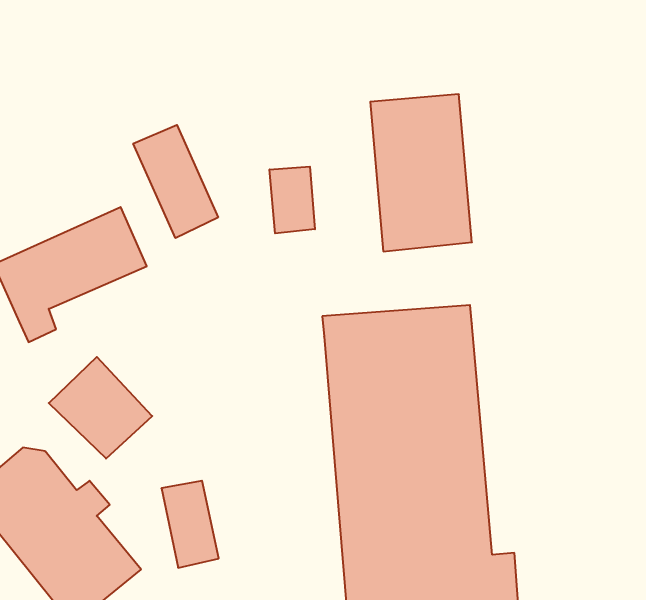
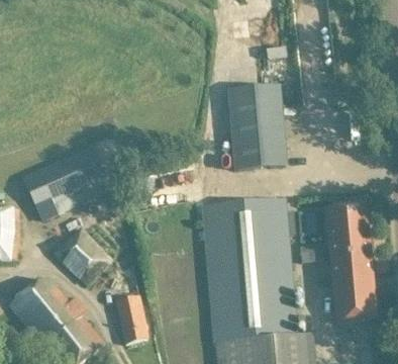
building: [133,125,218,238] -> none
building: [270,167,315,233] -> none
building: none -> [325,204,376,322]

